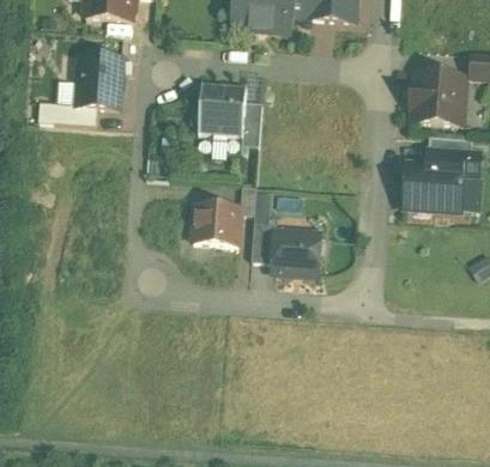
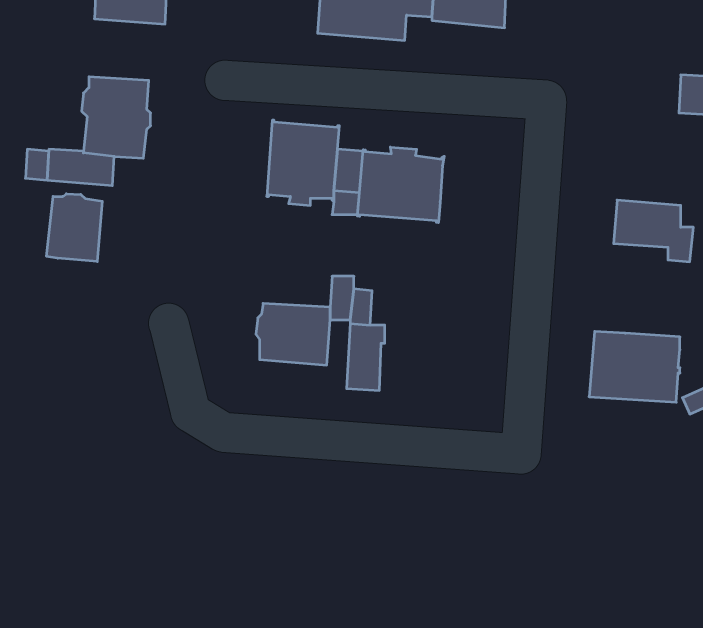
building: [411,72,465,123] -> none
building: none -> [357,147,444,223]
building: none -> [47,194,102,262]
building: [404,163,464,210] -> [589,331,680,402]
building: [272,230,320,274] -> none

